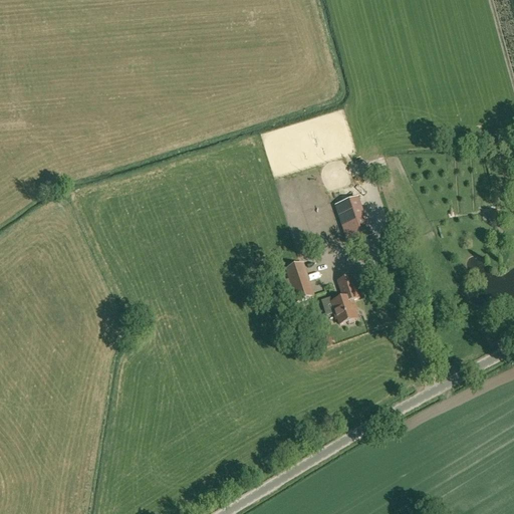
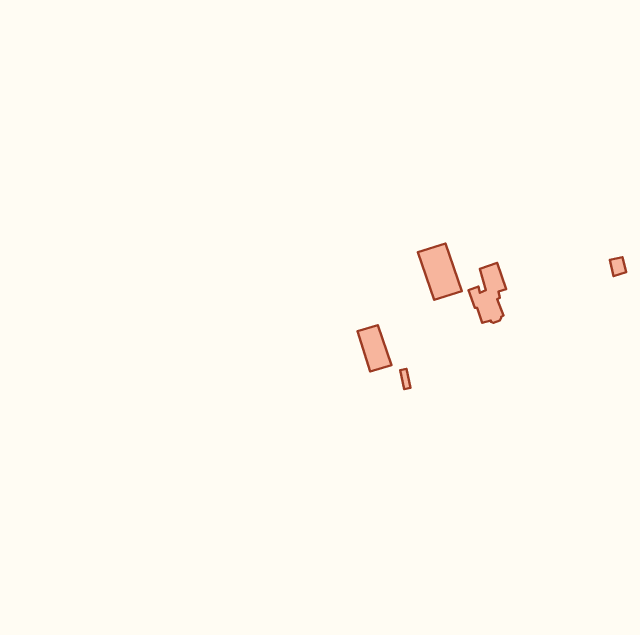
building: [328,272,358,320] -> [468,263,506,323]

